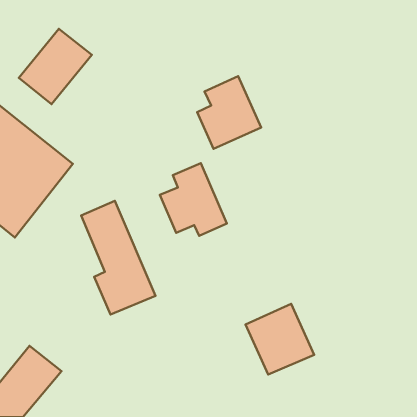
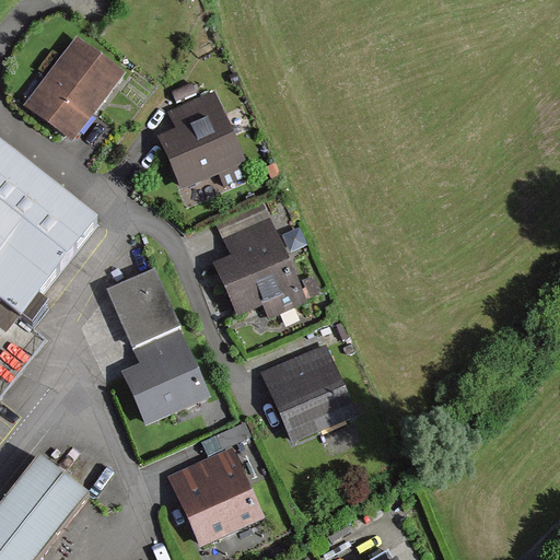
building: [197,76,261,149] -> [159,90,244,187]
building: [245,304,314,374] -> [264,345,355,439]
building: none -> [171,451,261,545]

